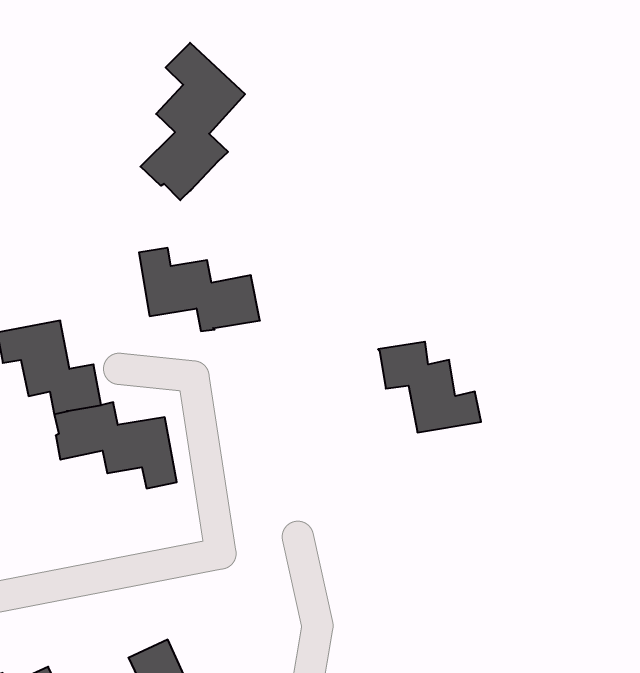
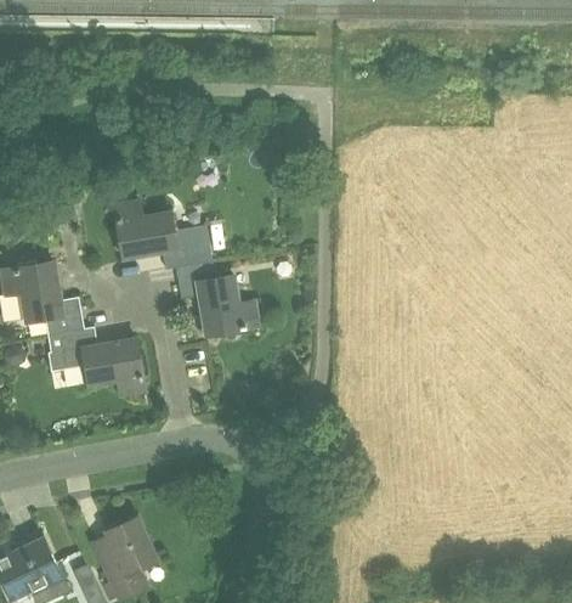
building: [140,43,245,200] -> none
building: [378,342,481,432] -> [174,260,256,333]

